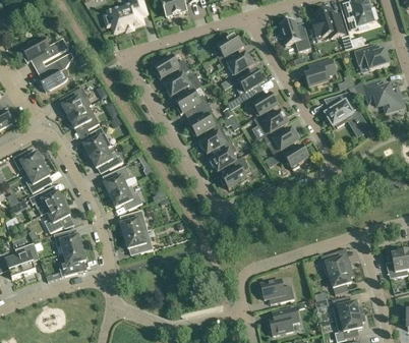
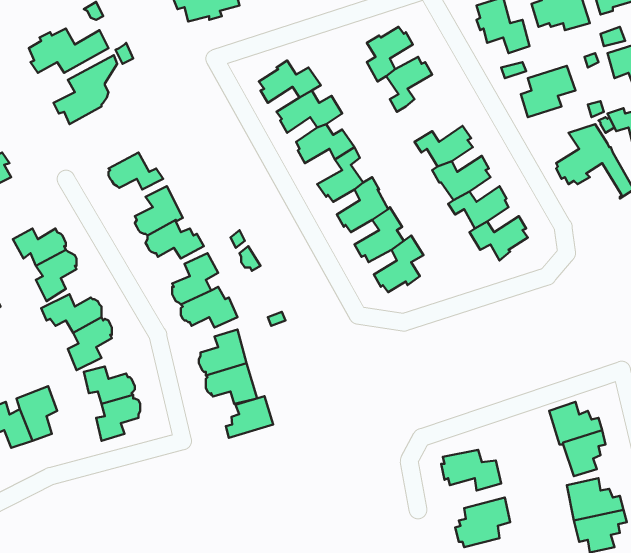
building: [239,70,265,102] -> none
building: [62,87,89,117] -> none
building: none -> [226,396,273,438]

